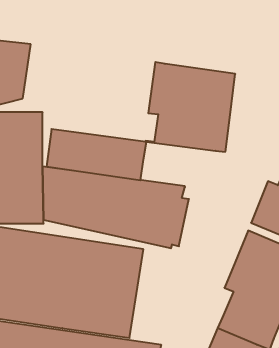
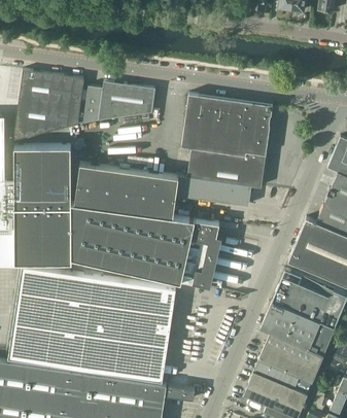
building: none -> [50,75,84,132]
building: none -> [83,81,155,124]
building: none -> [176,177,251,206]

